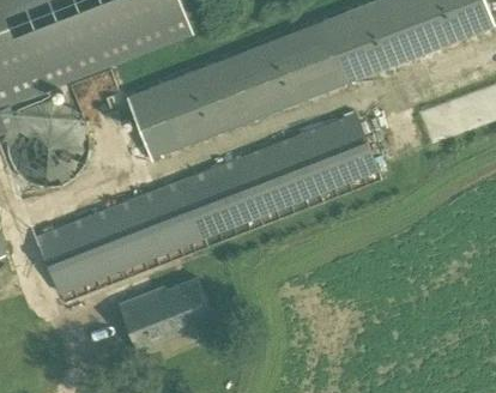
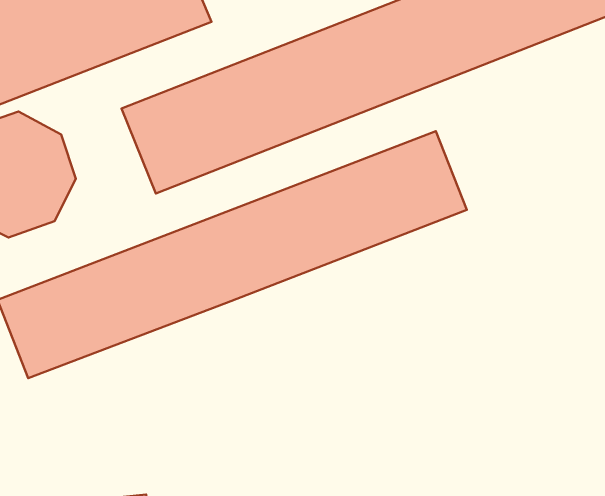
building: [120,278,212,350] -> none

